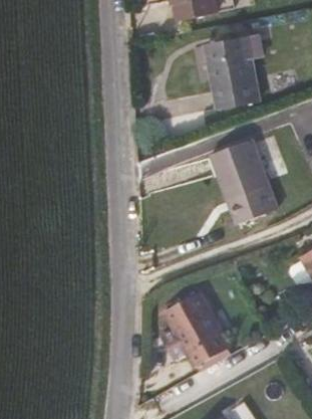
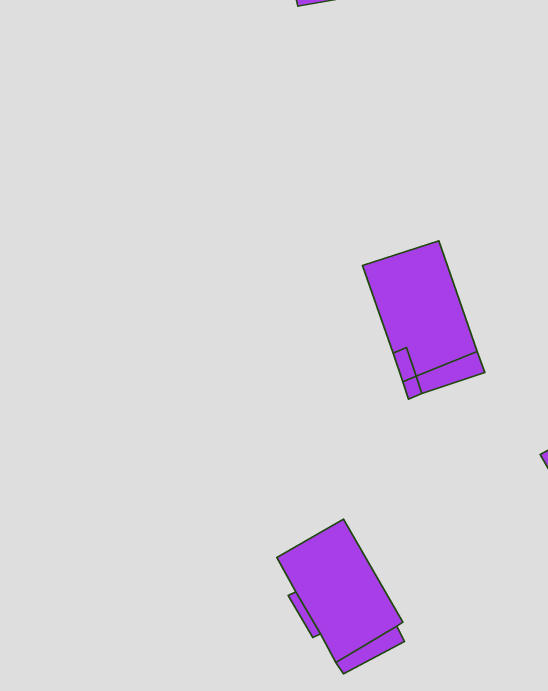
building: [206,35,259,108] -> none

